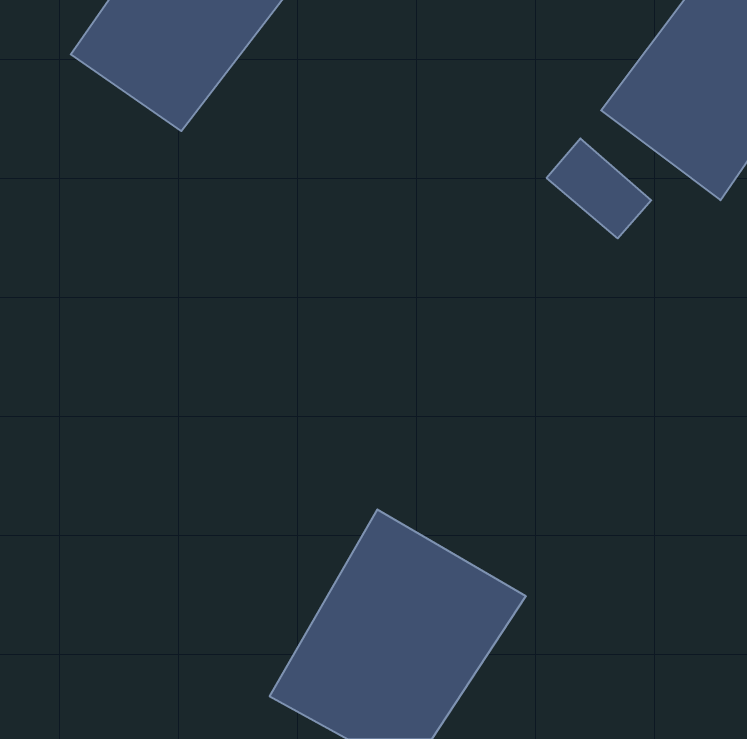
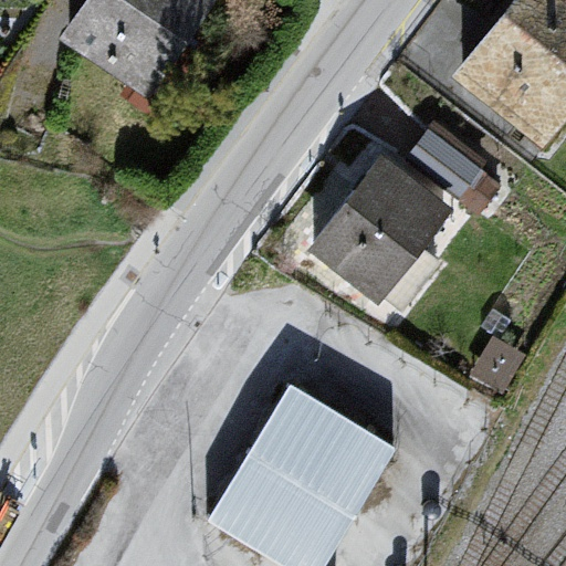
building: none -> [284,147,468,316]

